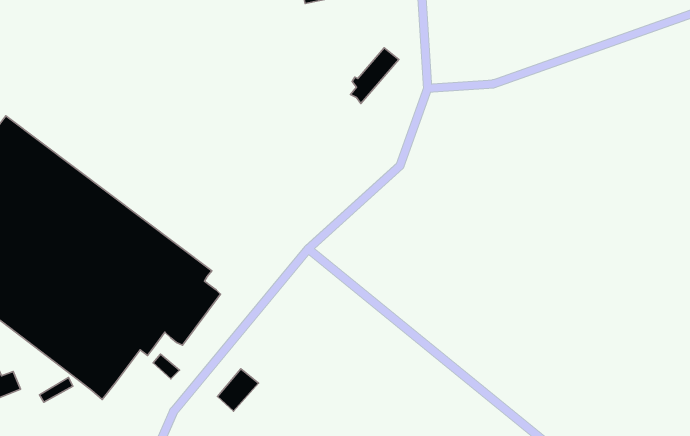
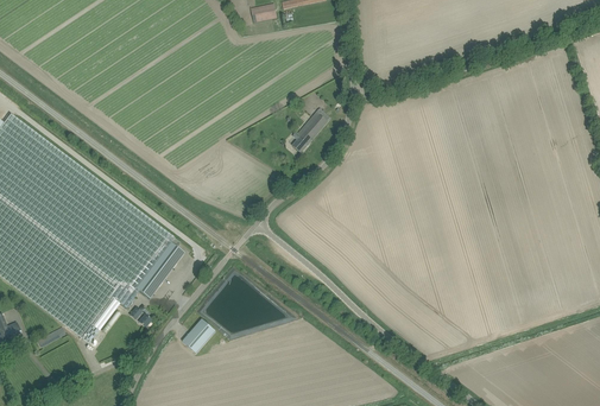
building: [351,48,399,103] -> [290,107,329,152]

